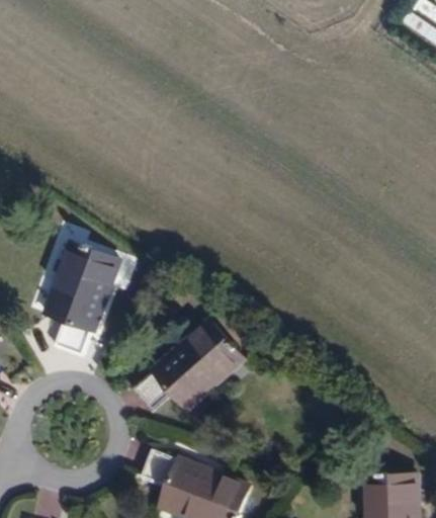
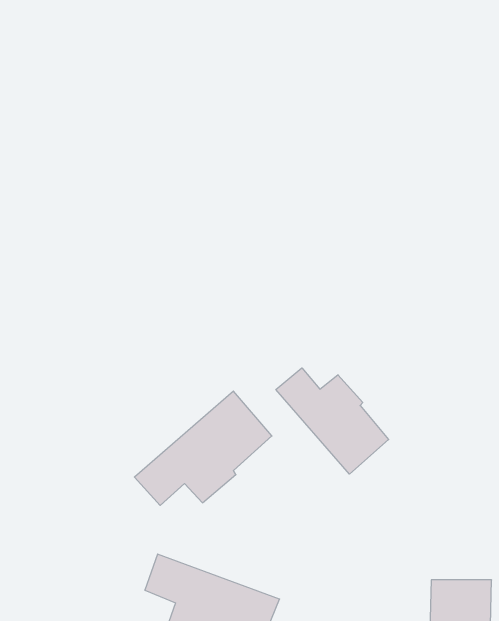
building: [47,244,121,358] -> none
building: none -> [276,368,389,474]

